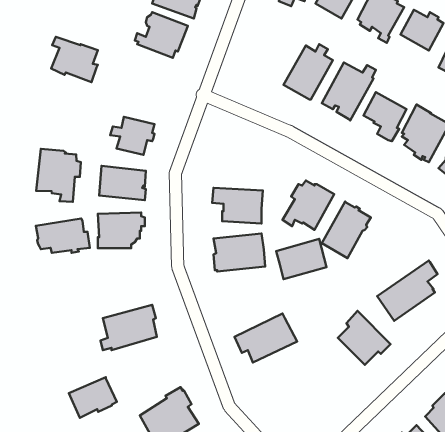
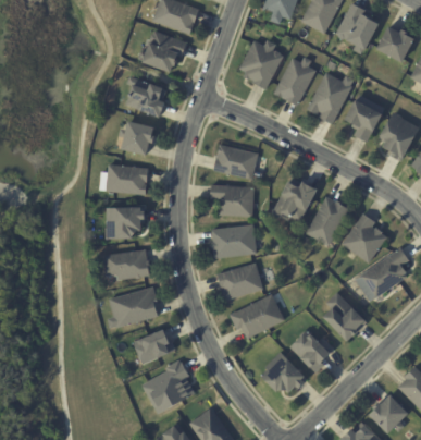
building: none -> [238,39,283,88]
building: [51,37,98,82] -> [127,76,169,117]
building: none -> [212,143,258,178]
building: [36,149,81,202] -> none
building: [36,218,90,253] -> [106,248,153,279]
building: none -> [342,213,386,262]
building: [276,239,327,279] -> [216,262,261,298]
building: none -> [287,330,333,371]
building: none -> [258,350,306,390]
building: [69,377,117,418] -> [135,328,177,364]

